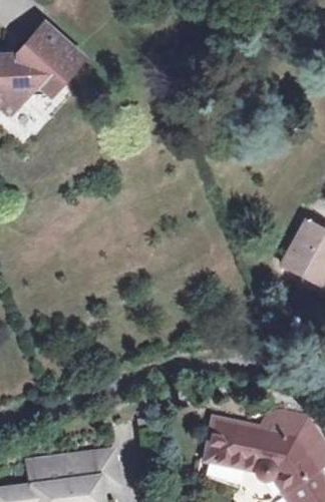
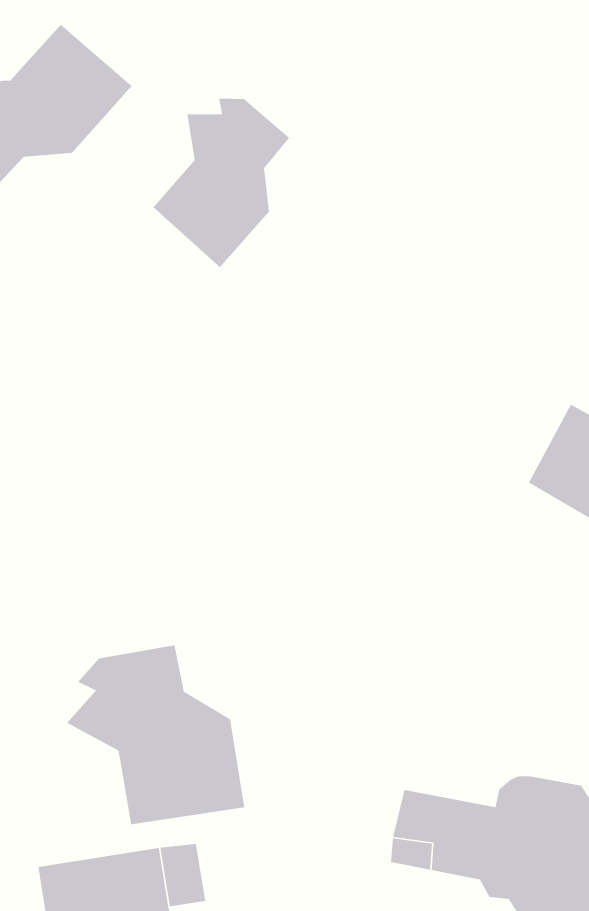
building: none -> [153,98,290,268]
building: none -> [66,645,245,825]

